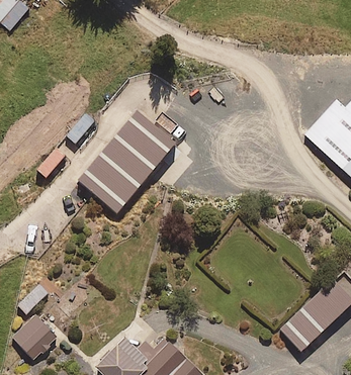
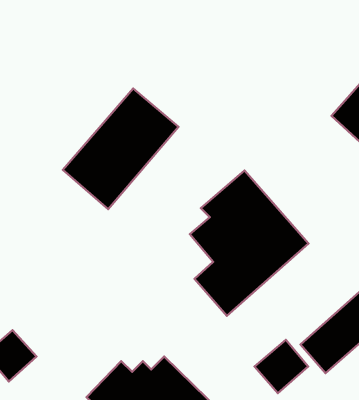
building: none -> [190,171,308,316]
building: none -> [254,340,308,393]

